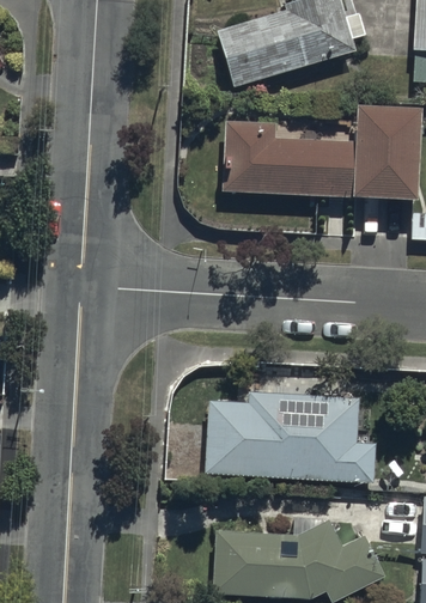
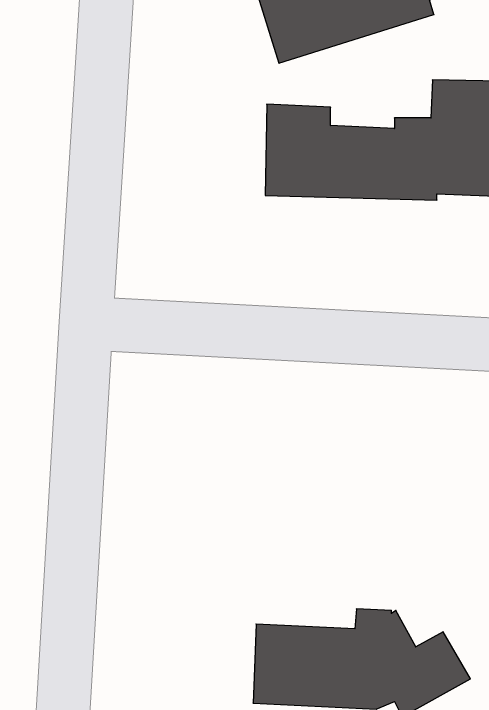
building: [205,388,375,480] -> none

